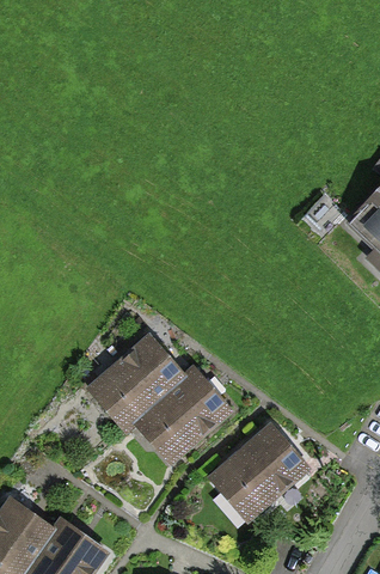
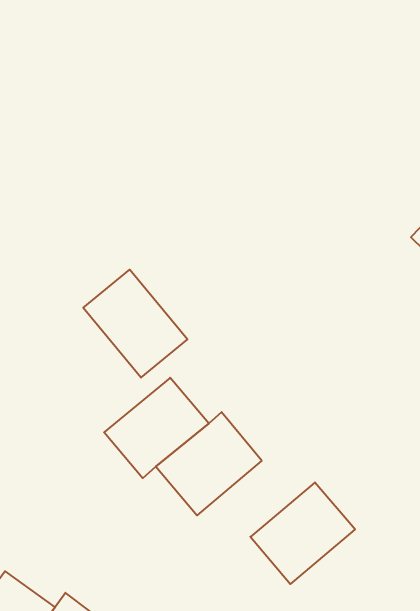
building: none -> [83,270,187,378]

